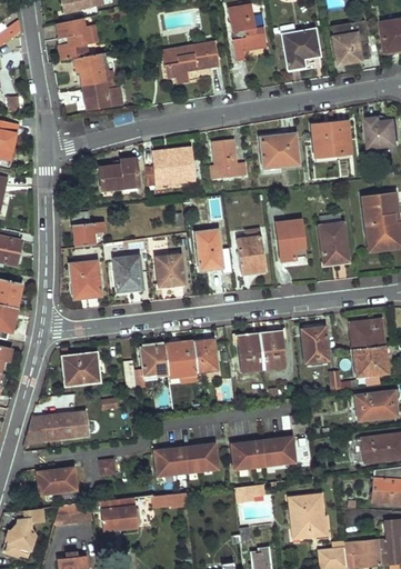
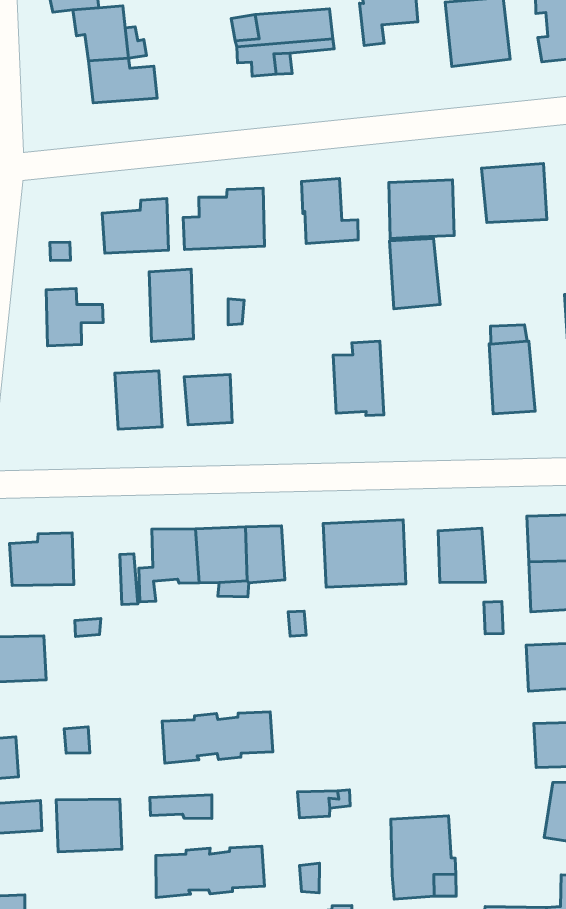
building: [275,220,307,261] -> [390,238,440,309]
building: [193,229,221,271] -> [149,269,193,342]
building: [73,262,103,300] -> none
building: [233,435,295,468] -> [156,846,265,897]

